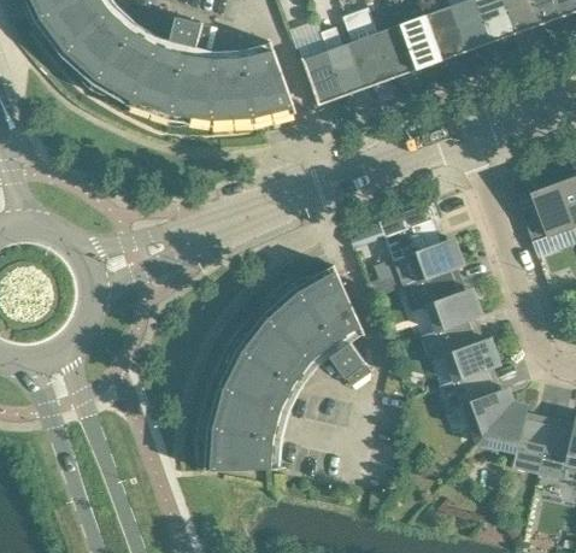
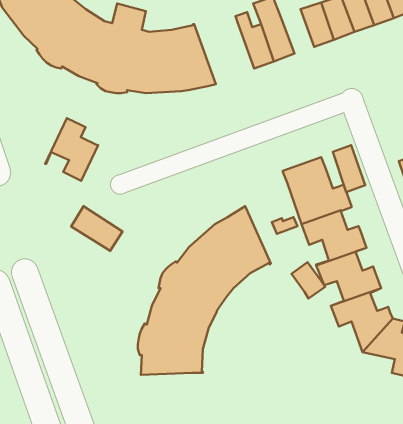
building: [377,23,418,77] -> none
building: [299,39,345,105] -> none
building: none -> [45,118,98,181]
building: none -> [333,145,365,192]
building: none -> [71,206,122,251]
building: [331,341,372,386] -> [292,262,325,299]

